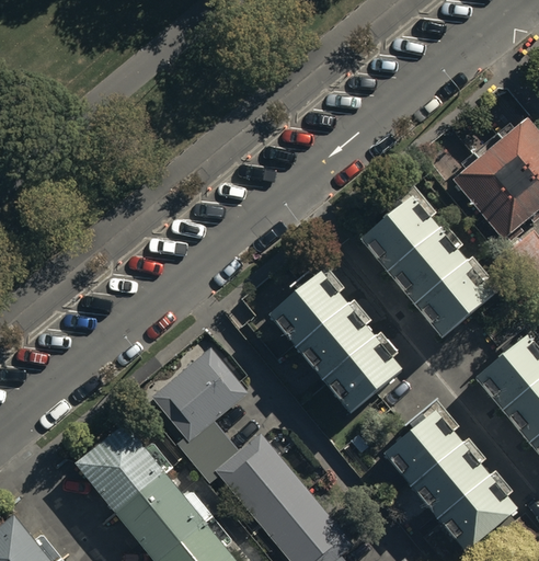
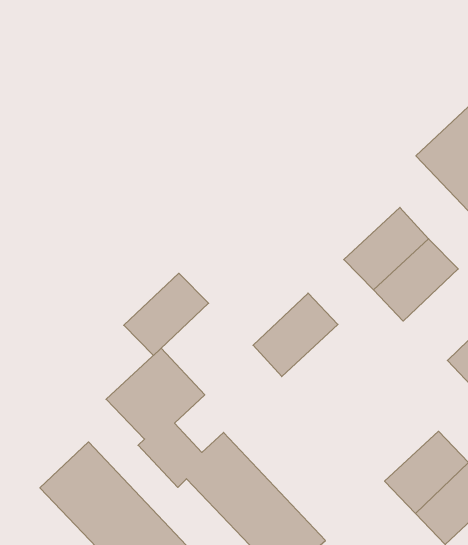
building: [359,196,441,274] -> none
building: [266,273,348,350] -> [124,273,209,355]
building: [318,335,400,413] -> none
building: [382,411,463,488] -> none

